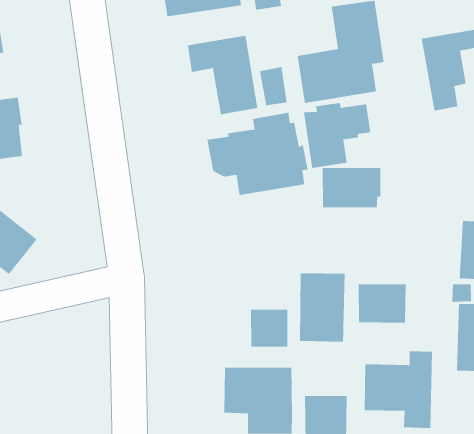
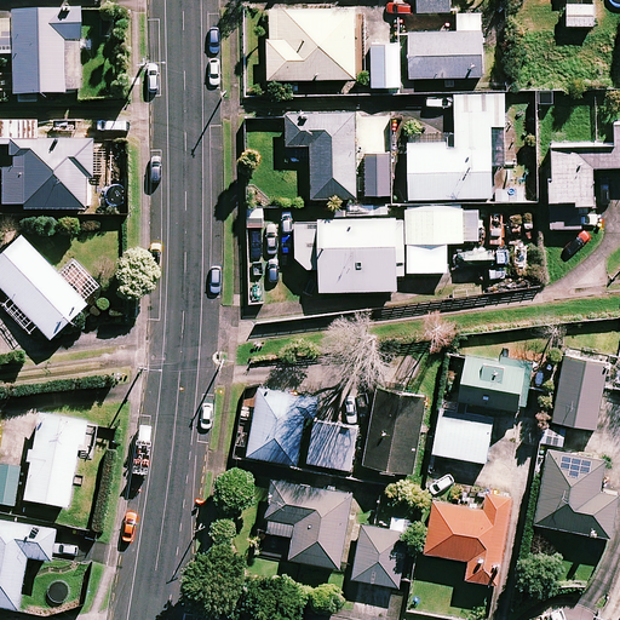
building: [322,167,381,208] -> [457,356,529,411]
building: none -> [246,389,315,464]
building: none -> [23,415,85,509]

